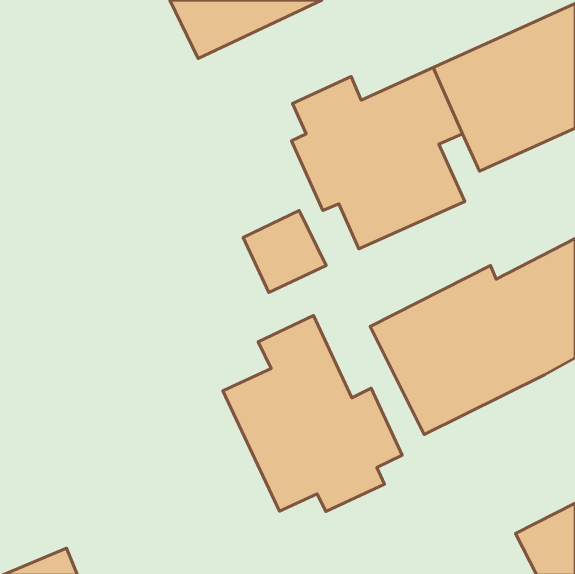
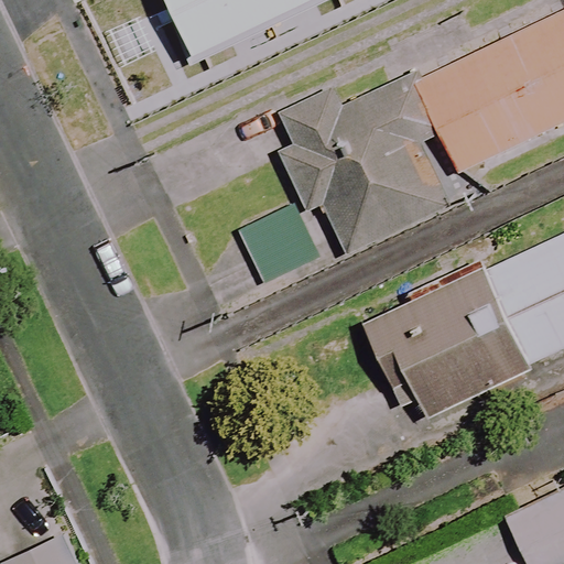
building: [223,315,402,511] -> none

